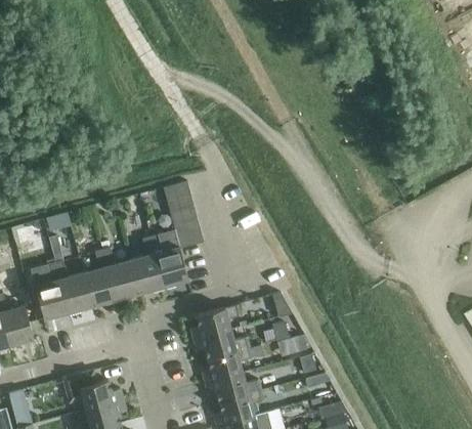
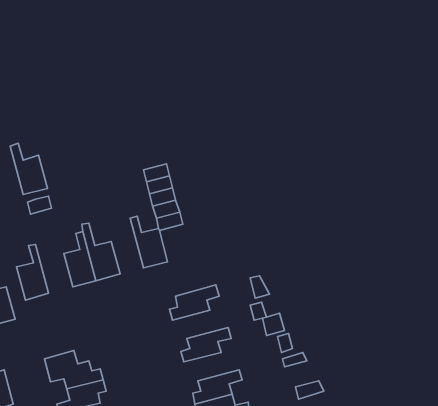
building: [131,238,164,294] -> none
building: [54,261,92,313] -> [10,143,47,195]
building: [194,331,250,359] -> none
building: [205,374,261,402] -> none

